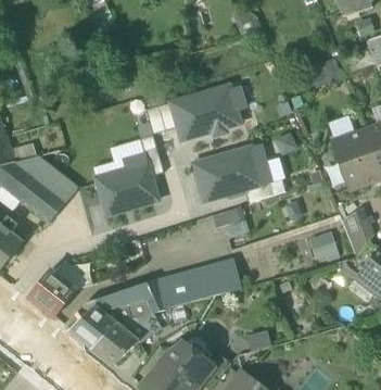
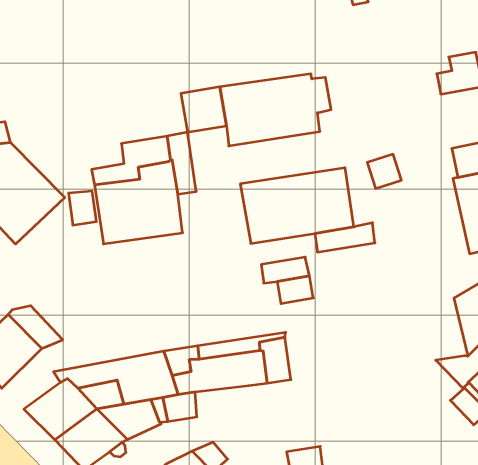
building: [307,230,339,261] -> none

